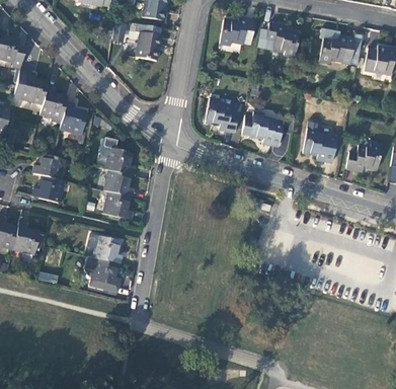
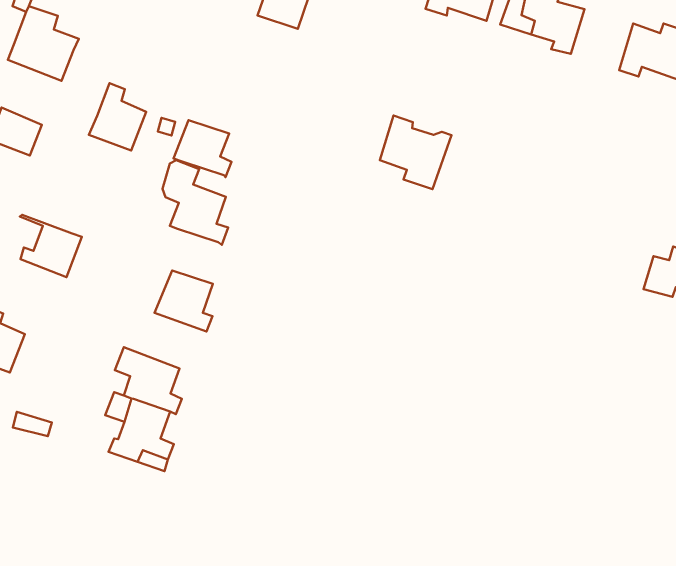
building: [39,86,67,118] -> none
building: [242,112,284,147] -> none
building: [304,119,337,162] -> none
building: [30,153,62,178] -> none
building: [104,169,134,196] -> [174,120,232,177]

